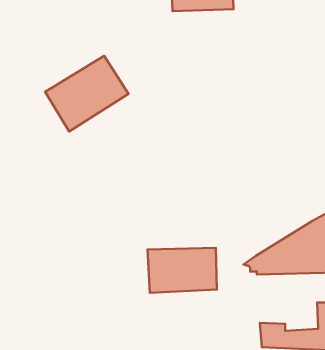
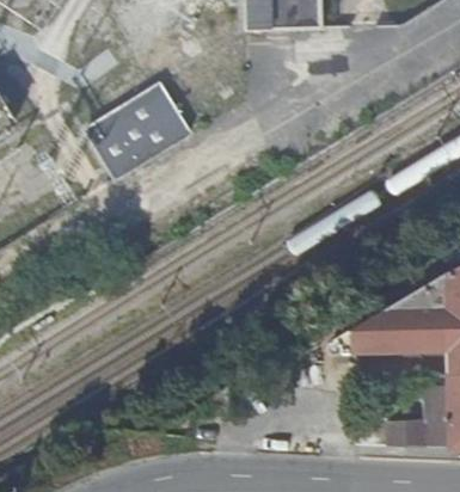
building: [148,248,217,293] -> none

